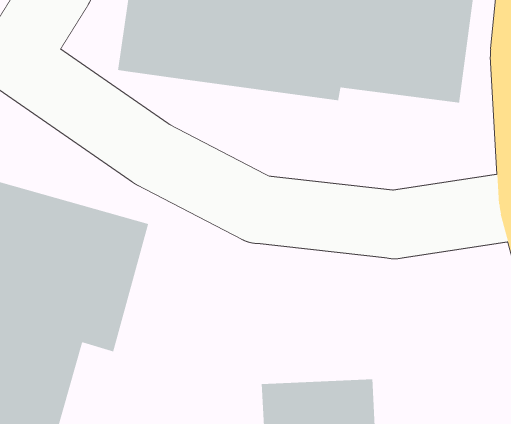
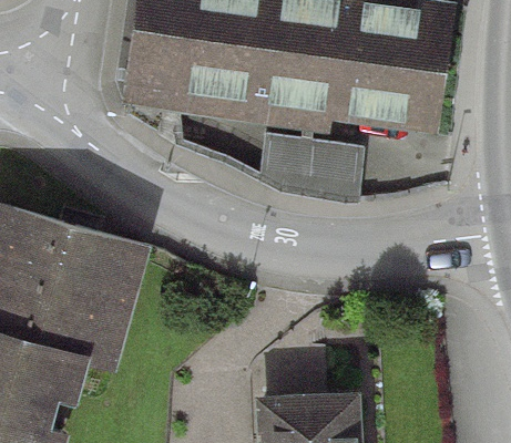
building: none -> [125,105,365,203]

